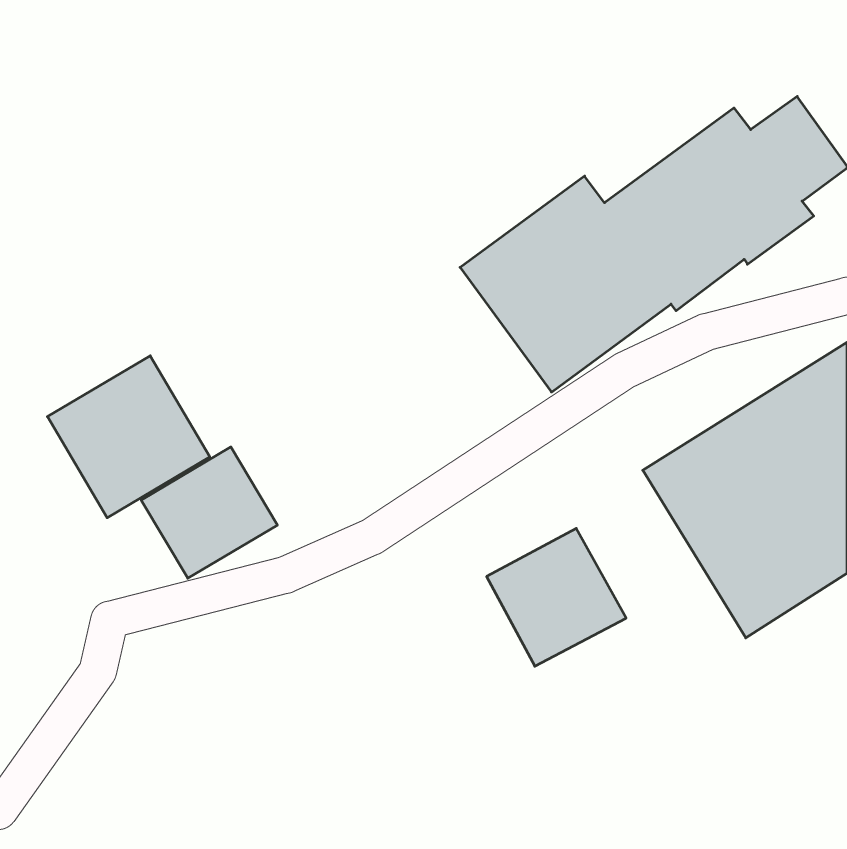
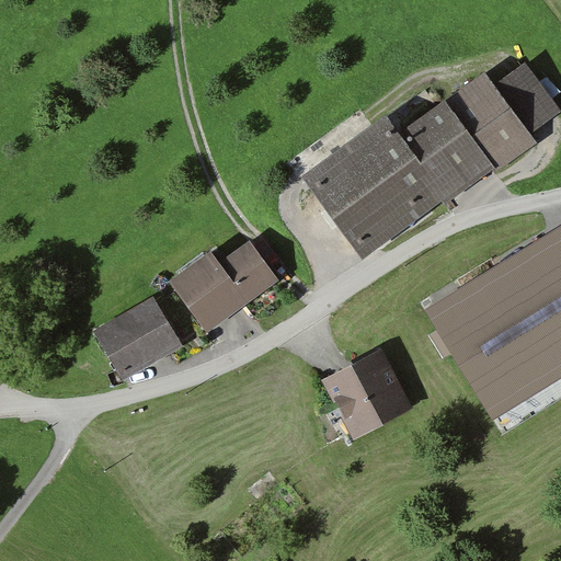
building: [47,356,210,518] -> none
building: none -> [169,239,279,333]

